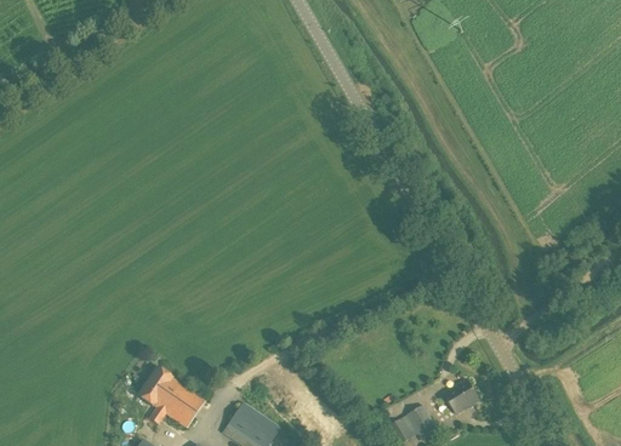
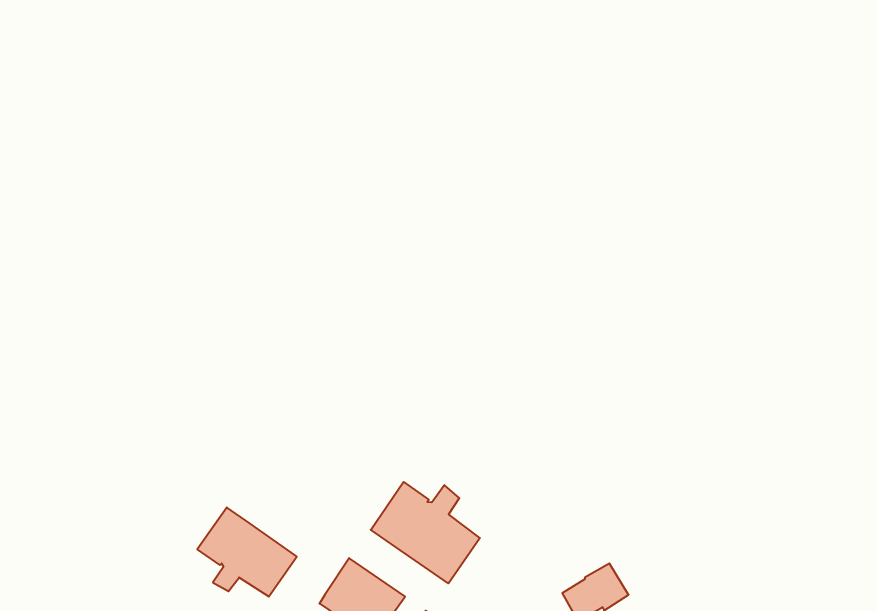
building: none -> [371,482,480,583]
building: [444,378,480,414] -> none

